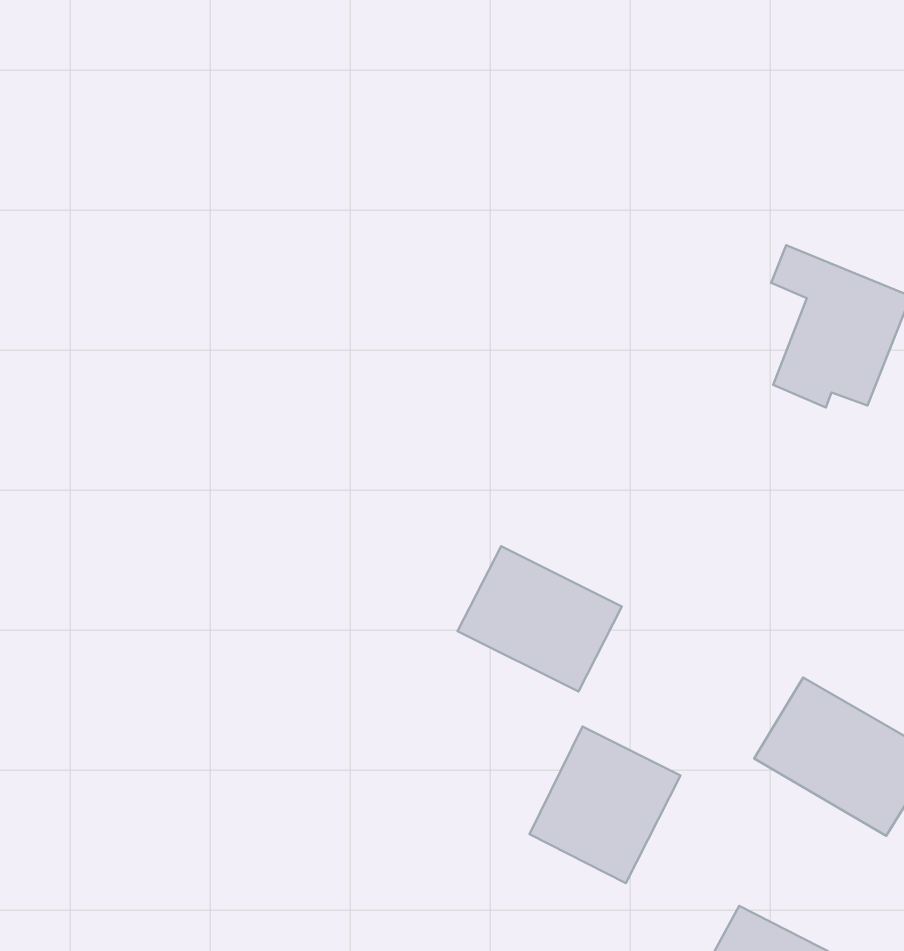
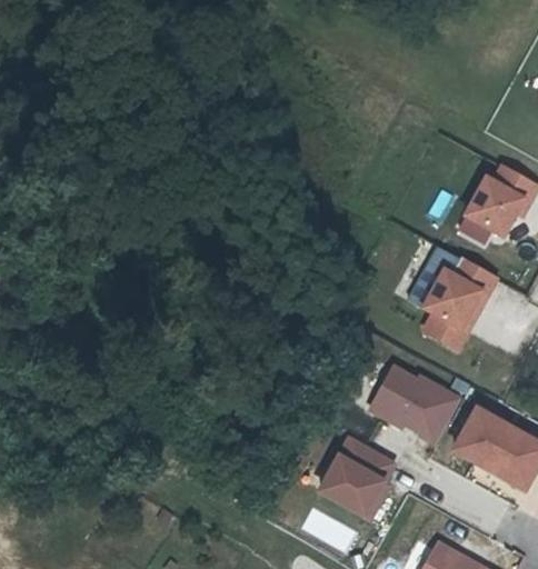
building: none -> [412,251,502,352]
building: [458,546,622,691] -> [369,360,466,446]

